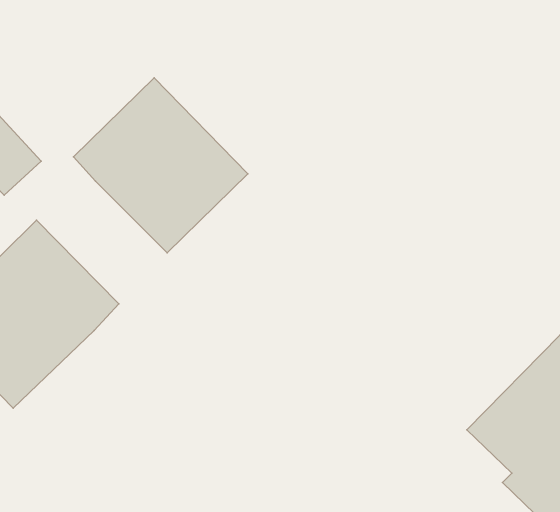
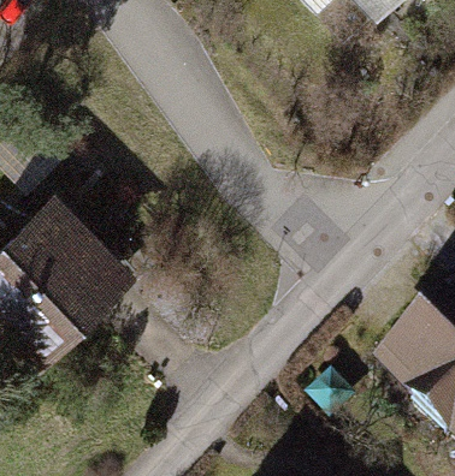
building: [74,78,248,253] -> none

